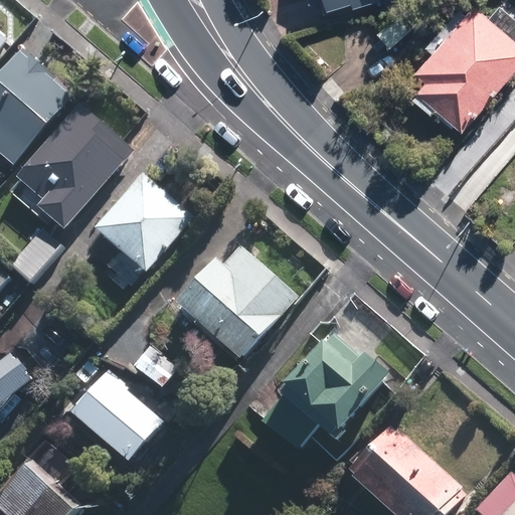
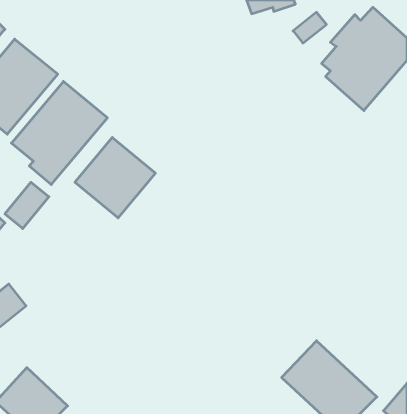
building: [161,242,300,359] -> none
building: [259,333,391,451] -> none
building: [68,370,163,460] -> none

